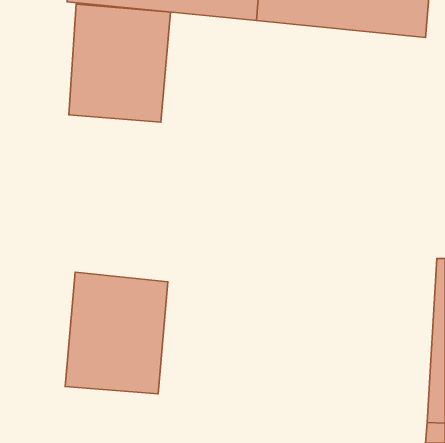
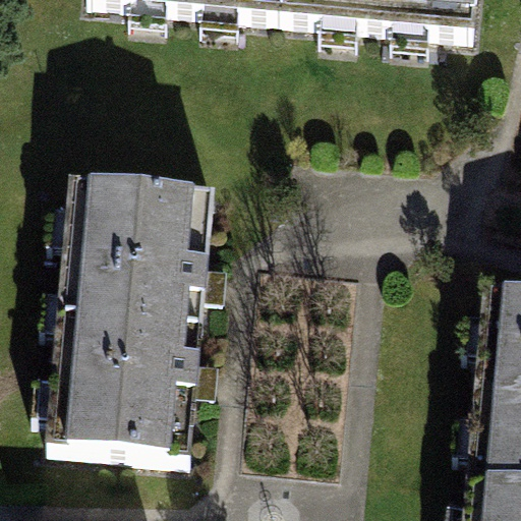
building: [69,4,171,122] -> none
building: none -> [85,185,201,321]

